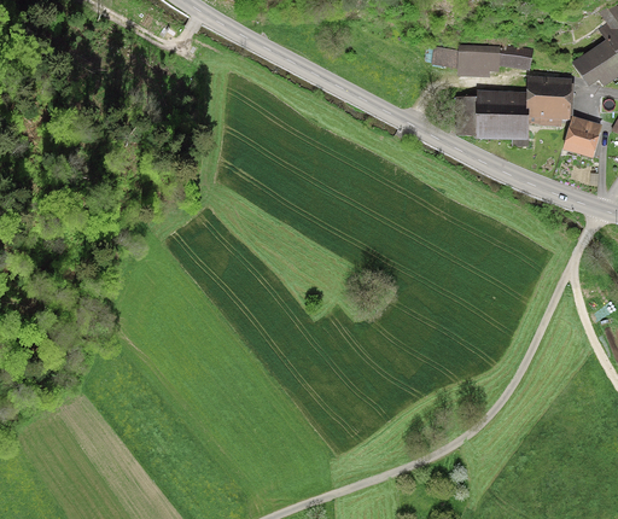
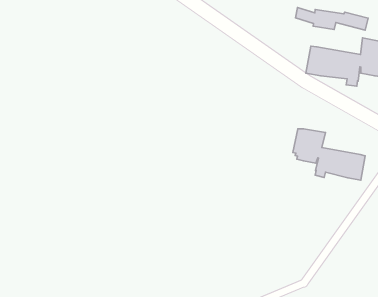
building: none -> [293,129,365,180]

